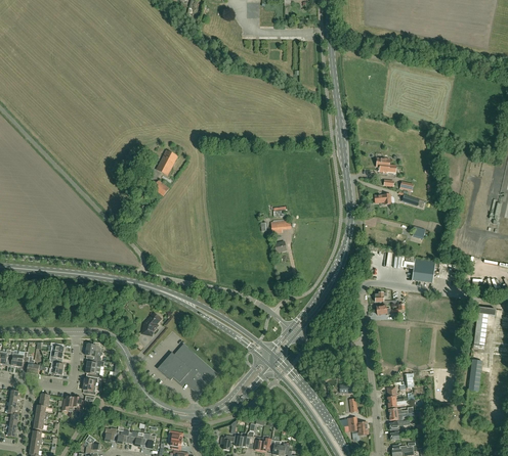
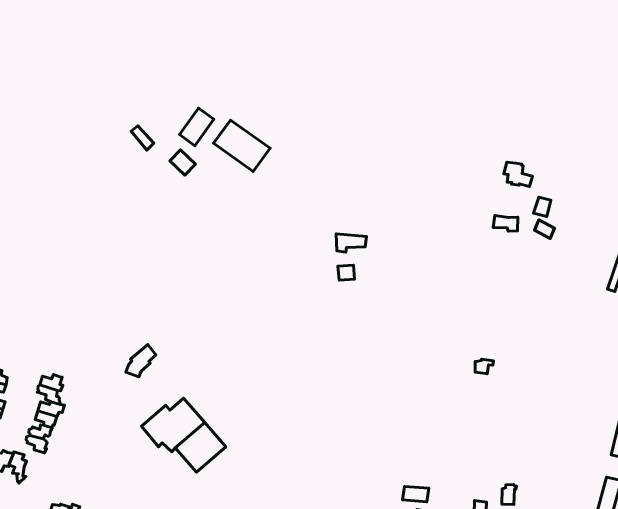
building: none -> [214,120,270,171]
building: [413,260,441,283] -> none

